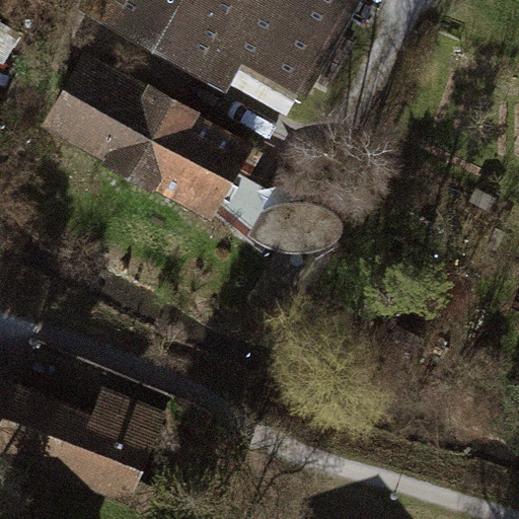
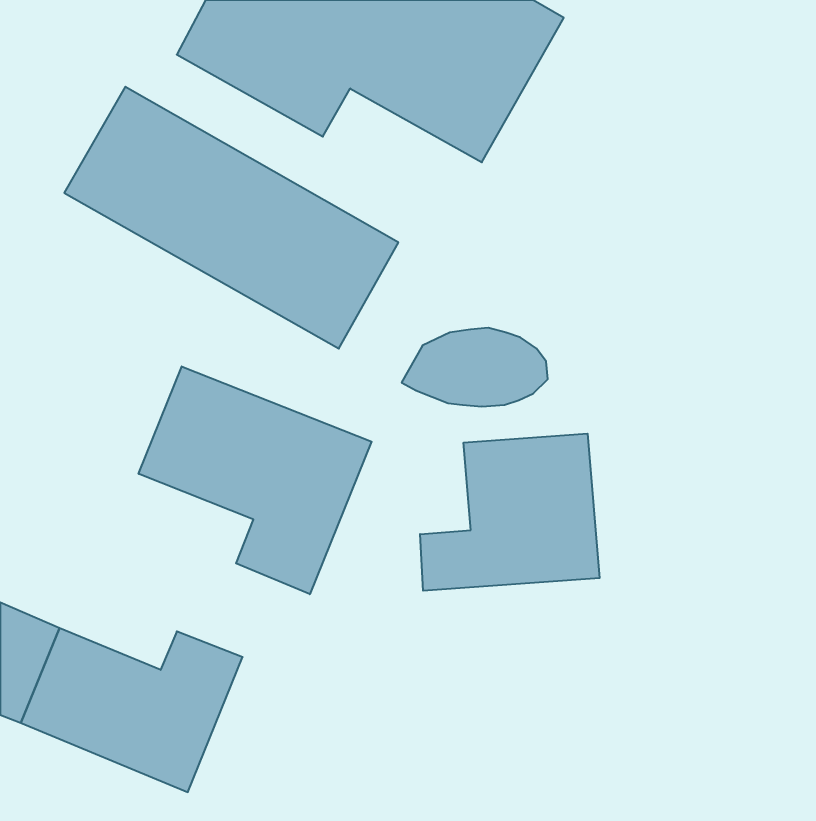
building: none -> [139,366,372,594]
building: none -> [420,434,600,591]

